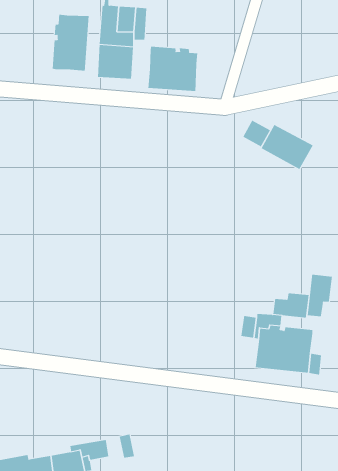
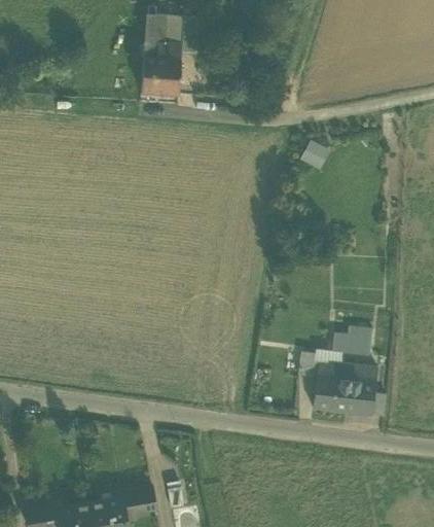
building: [52,14,89,72] -> none
building: [148,46,198,92] -> none
building: [261,124,313,170] -> none
building: [307,274,333,317] -> none

